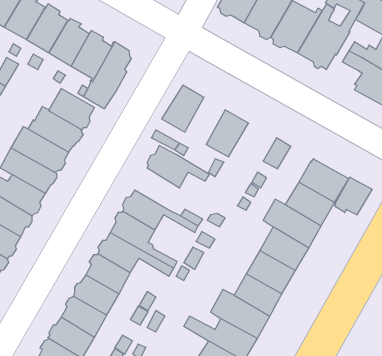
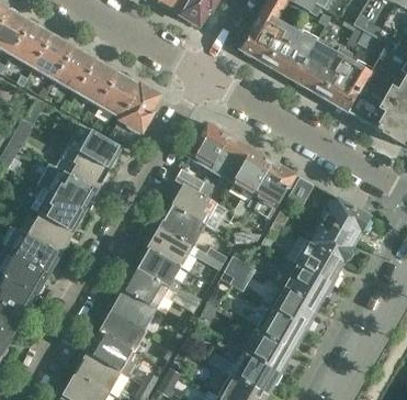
building: none -> [210,136,249,182]
building: none -> [252,162,294,208]
building: none -> [160,205,204,246]
building: [335,177,372,215] -> none

